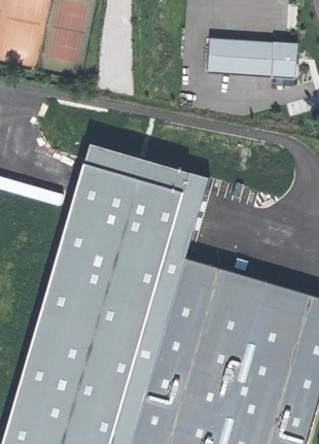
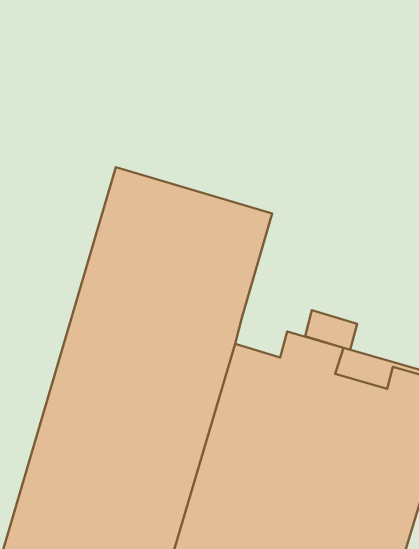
building: [206,38,296,79] -> none
building: [180,257,219,286] -> [305,310,357,350]

